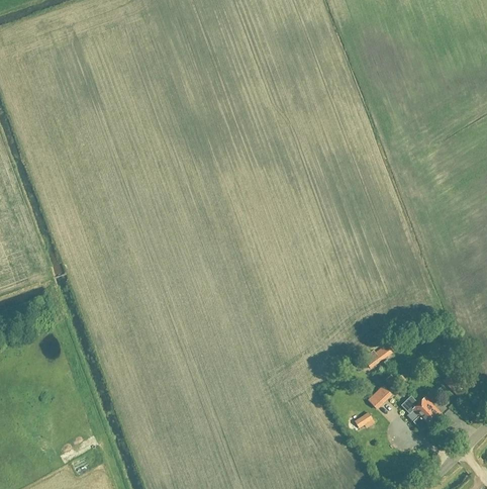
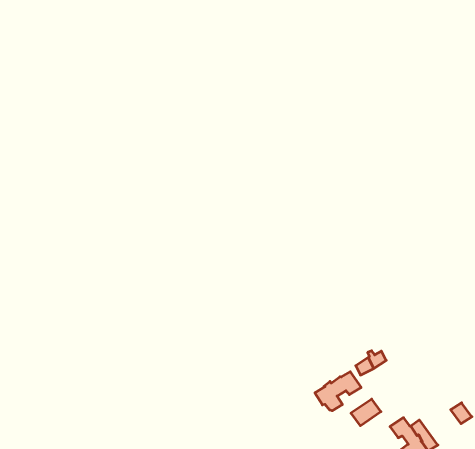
building: none -> [315,372,361,411]

